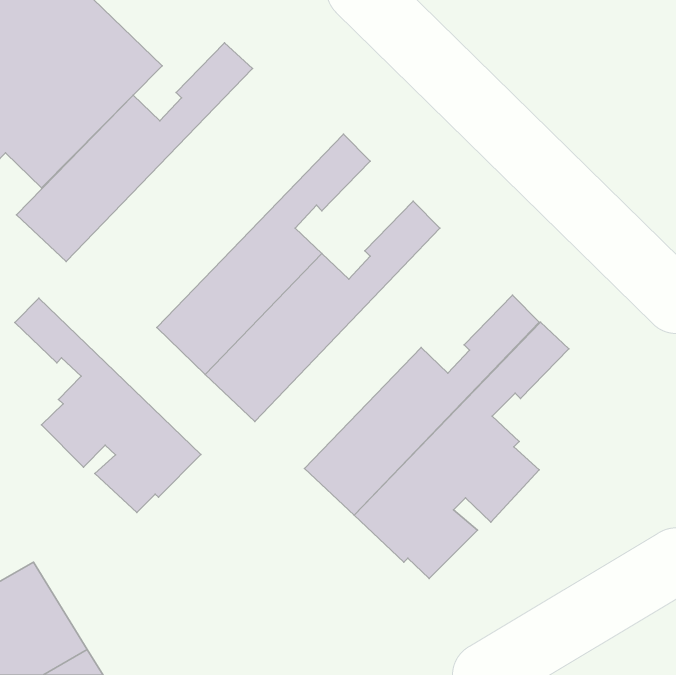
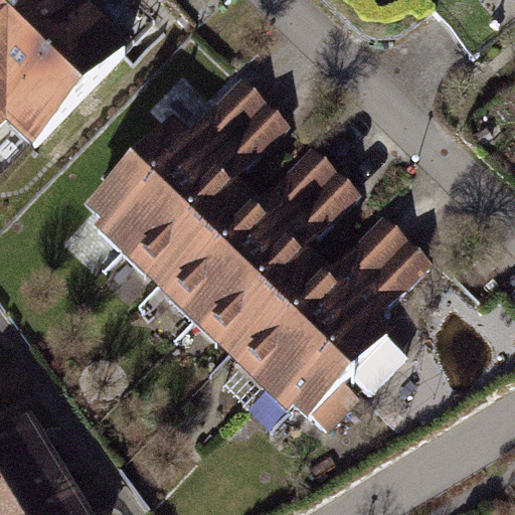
building: [16,43,253,262] -> [80,80,258,244]
building: none -> [191,171,352,351]
building: [15,298,201,512] -> none

